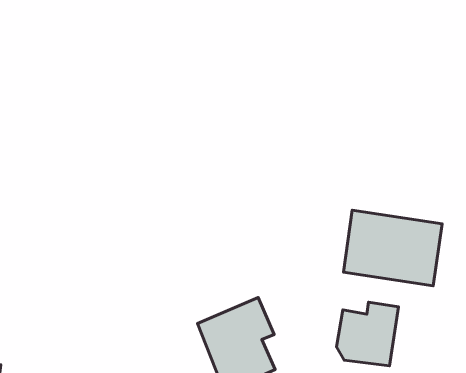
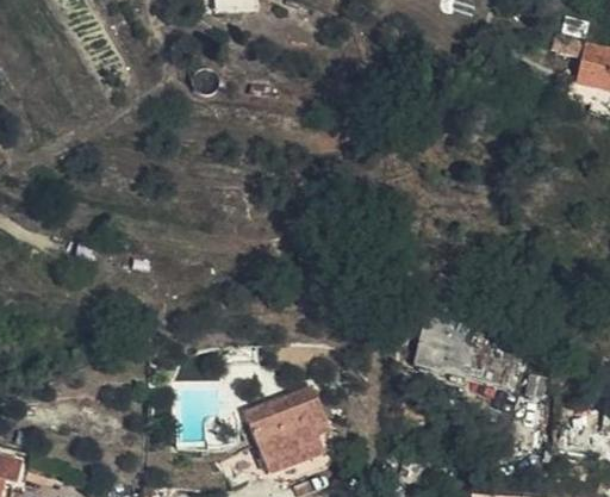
building: [337,302,399,366] -> none

